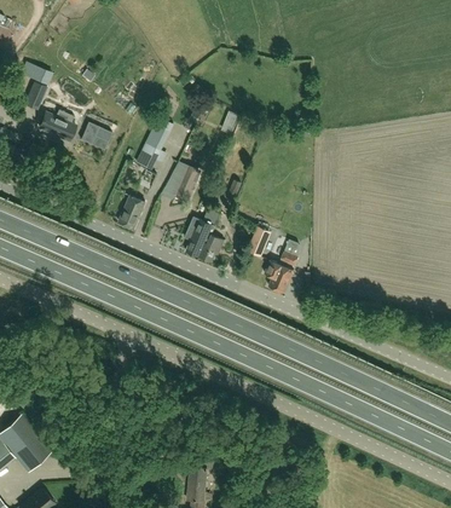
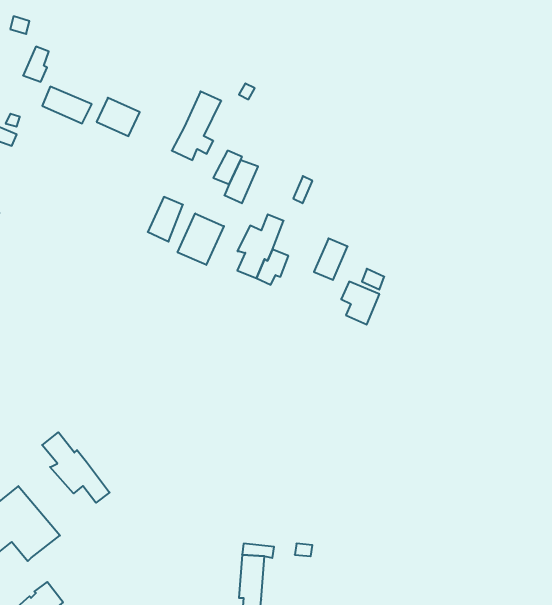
building: none -> [178,213,224,265]
building: none -> [42,432,110,503]

